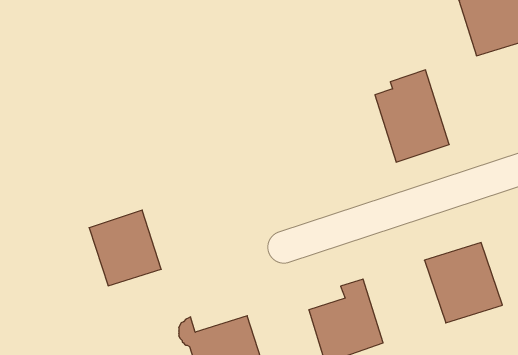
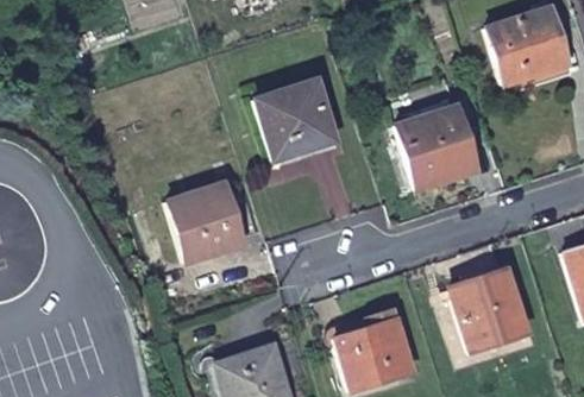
building: none -> [257,80,338,163]
building: [89,210,161,286] -> [168,187,240,263]

